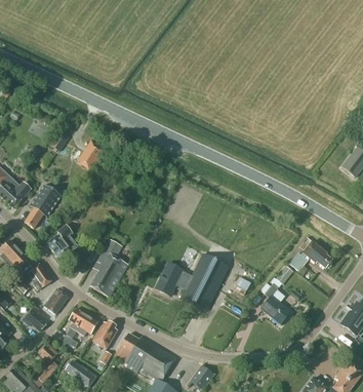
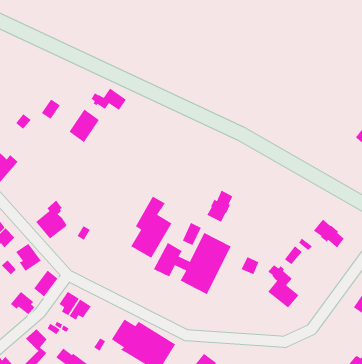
building: none -> [90,87,127,111]
building: [24,183,62,228] -> none
building: none -> [206,189,233,223]
building: [89,238,128,297] -> [130,196,172,259]
building: [92,320,117,348] -> none

